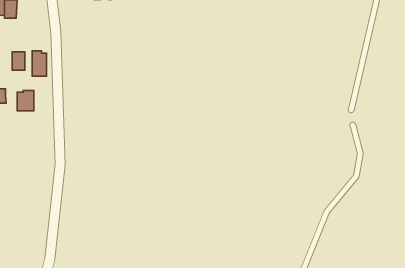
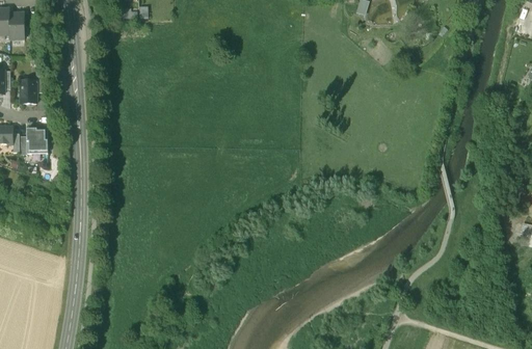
building: [32,51,46,76] -> none

